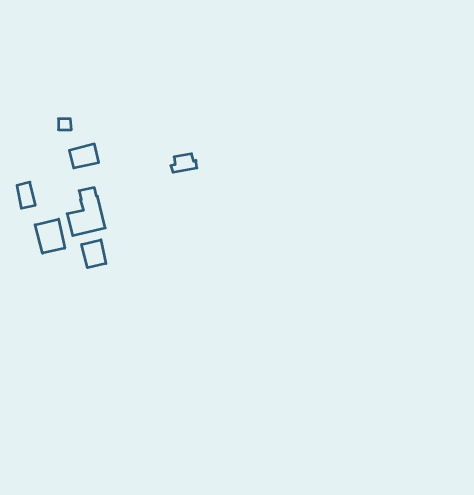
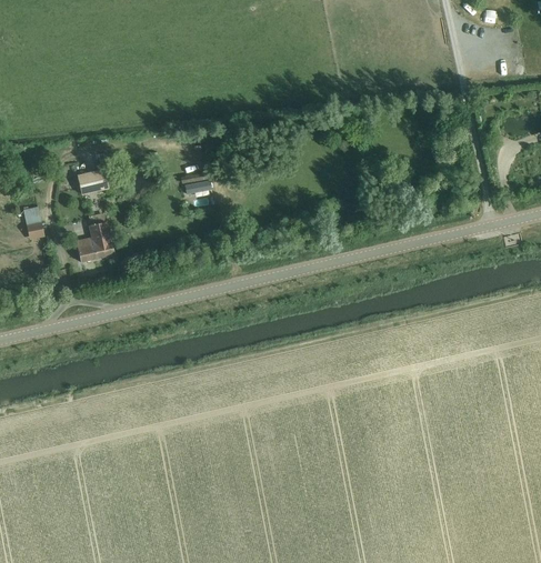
building: [35,219,65,253] -> none
building: [82,240,106,268] -> none

